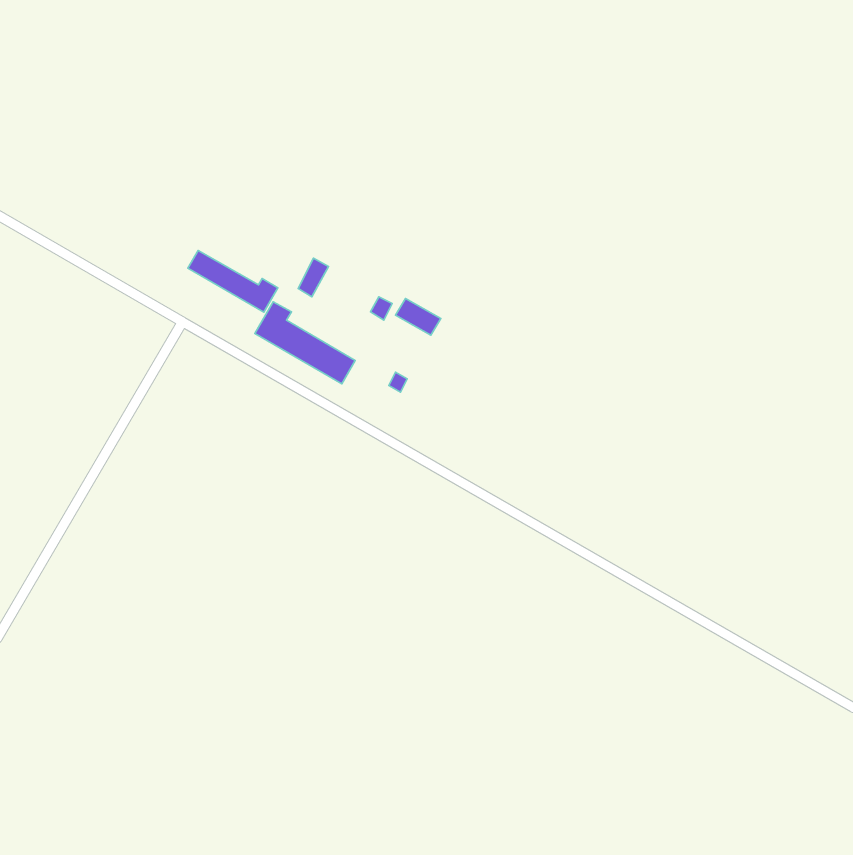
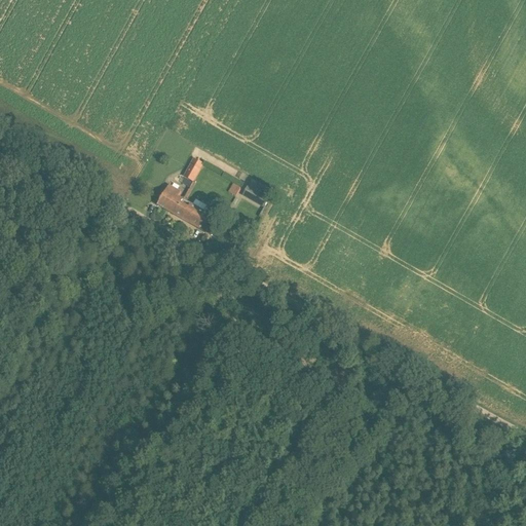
building: [188,250,278,312] -> none

